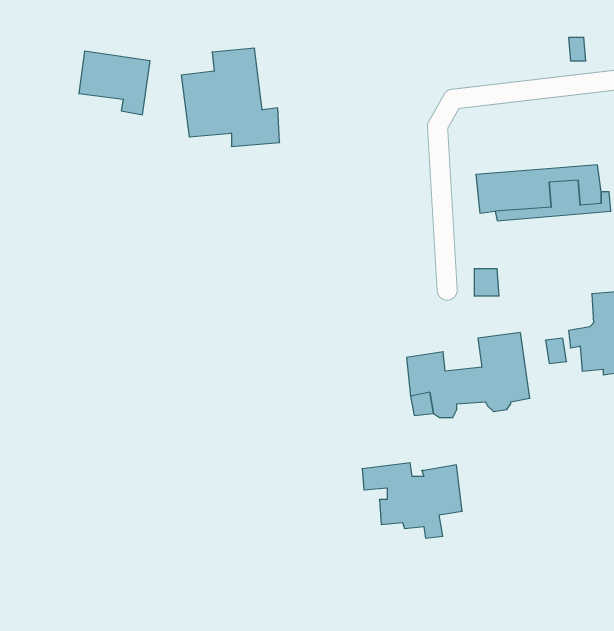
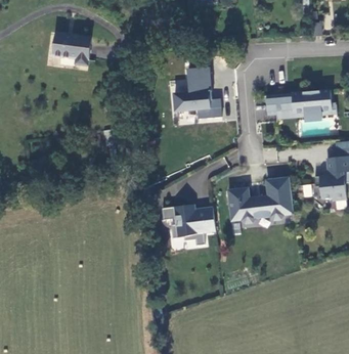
building: [181,48,280,146] -> [169,65,221,118]
building: [362,463,462,538] -> [161,207,214,247]

